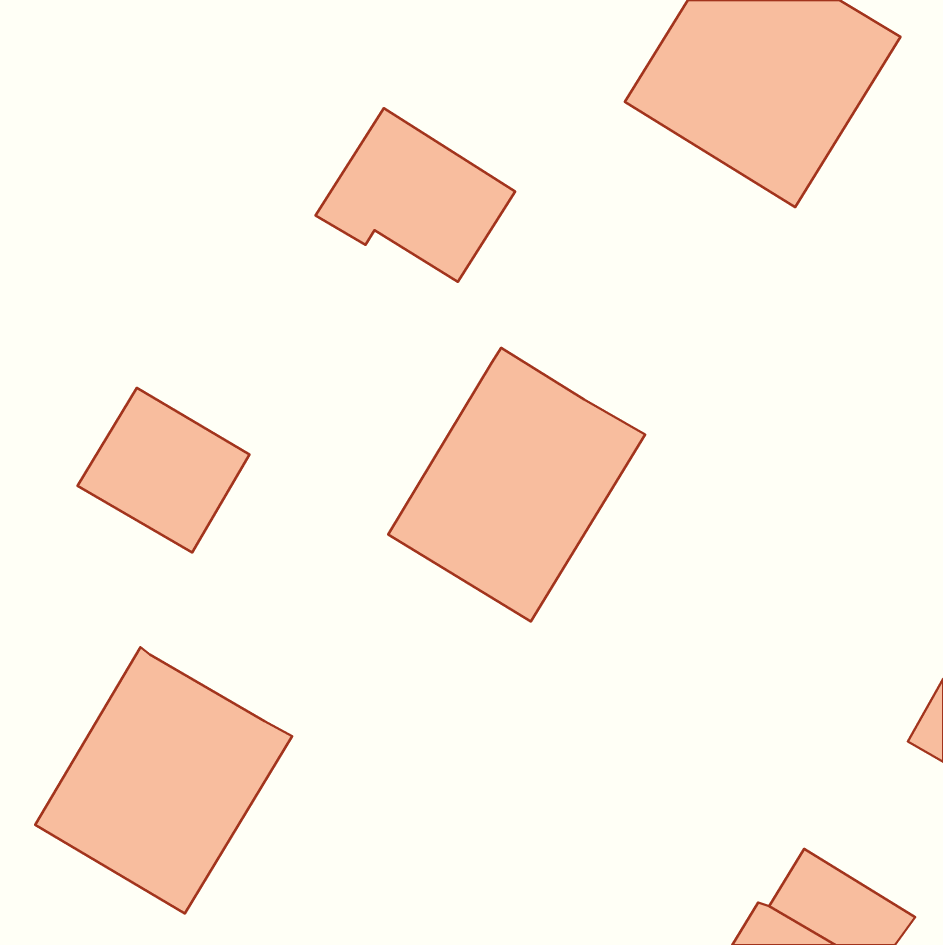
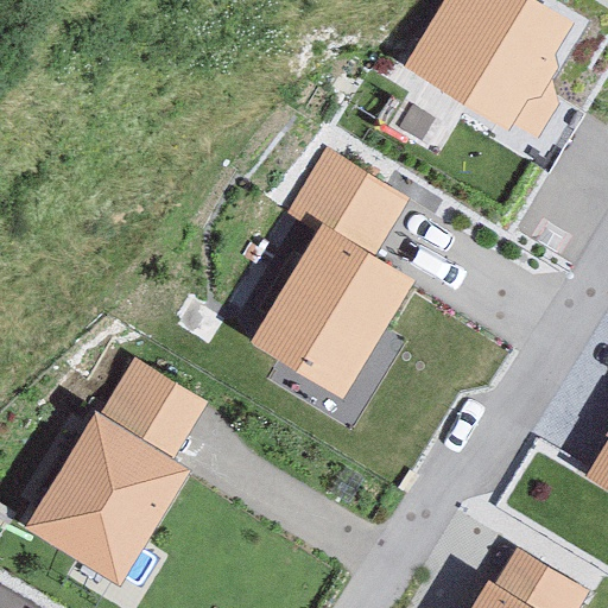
building: [315,108,515,282] -> [284,145,412,256]
building: [78,388,249,552] -> [96,357,207,463]

